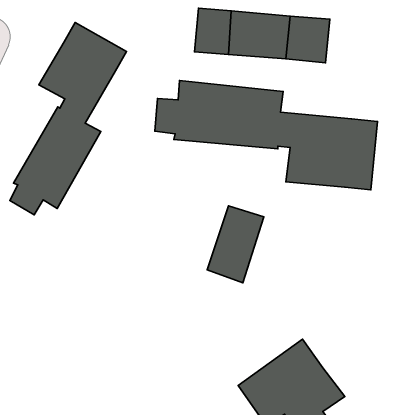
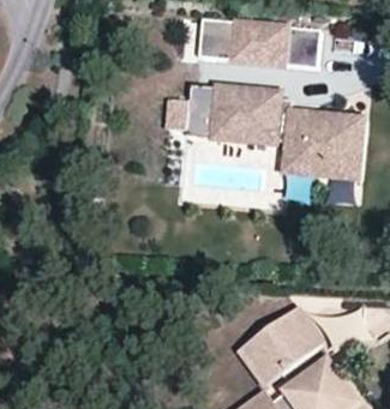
building: [10,22,126,215] -> none
building: [207,206,264,283] -> none

